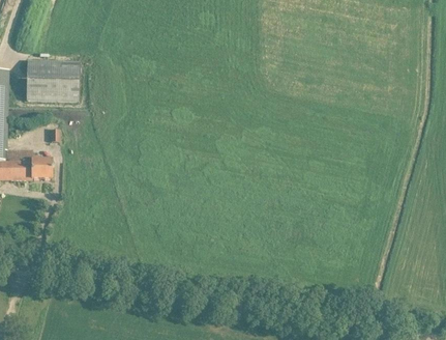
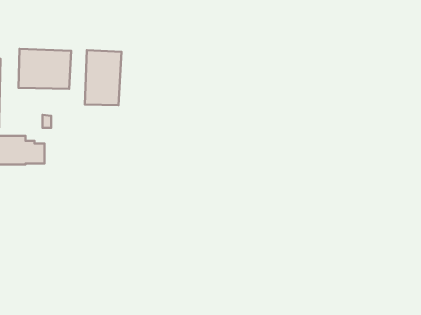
building: none -> [85,50,121,105]

